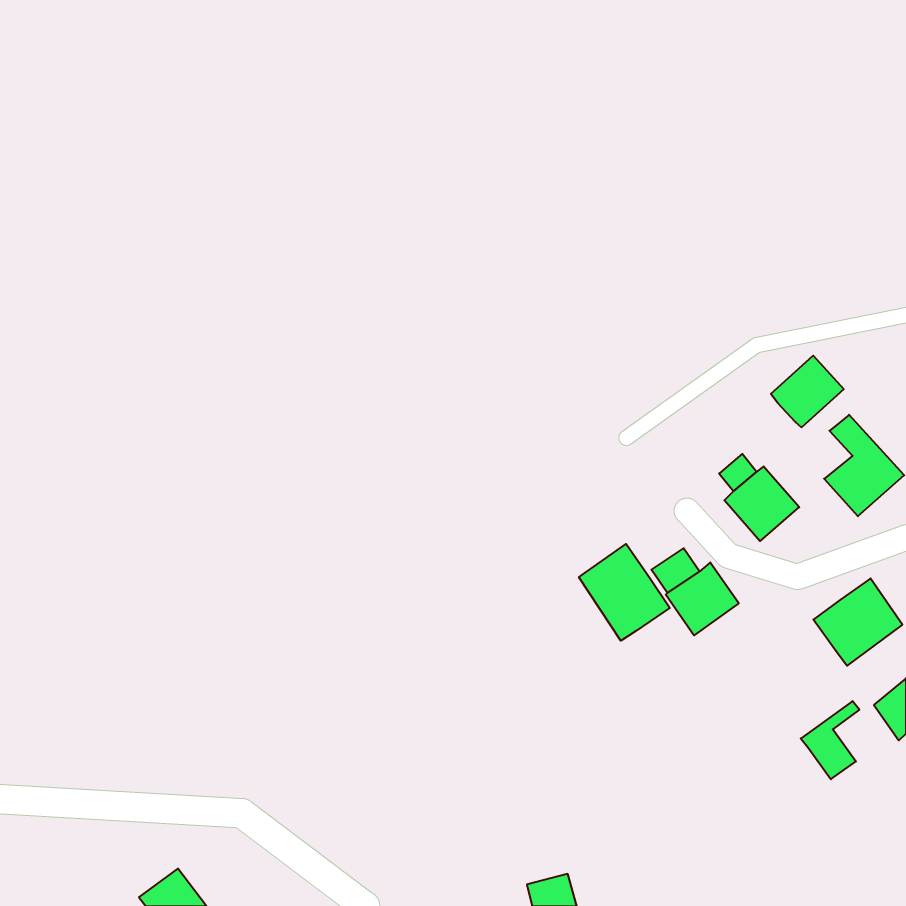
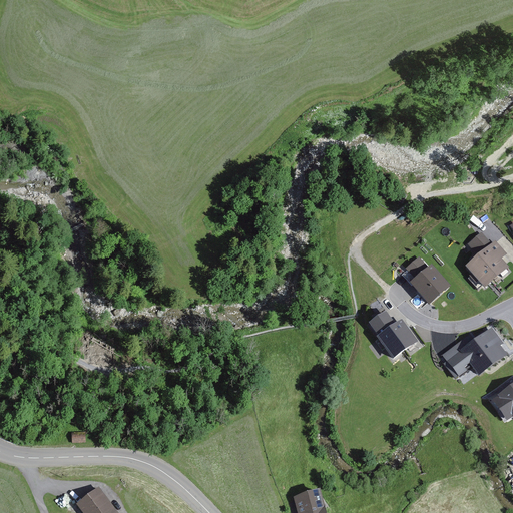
building: [771,356,844,427] -> none
building: [579,544,670,641] -> none
building: [801,701,859,779] -> [440,333,473,377]

